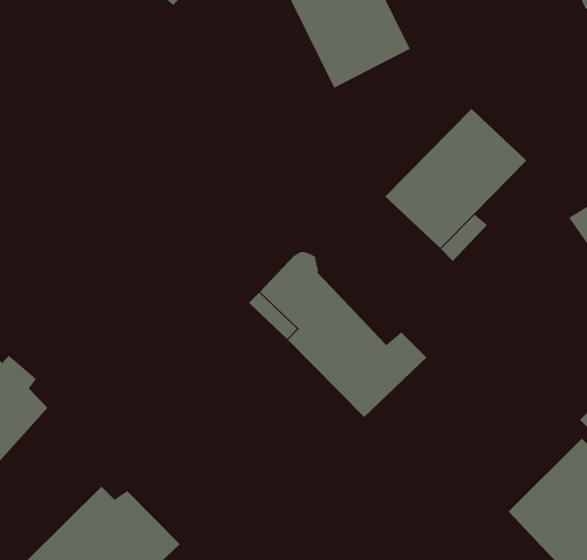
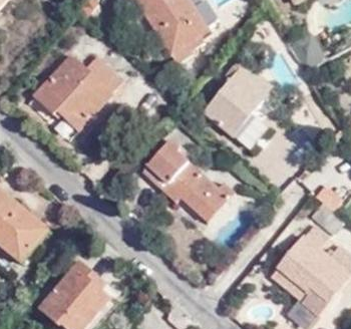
building: none -> [33,51,120,126]

